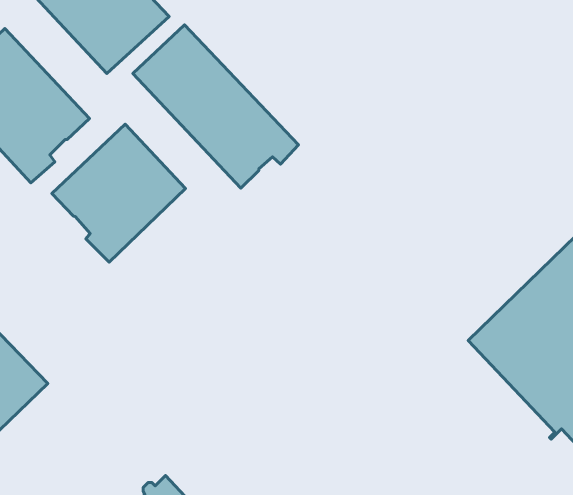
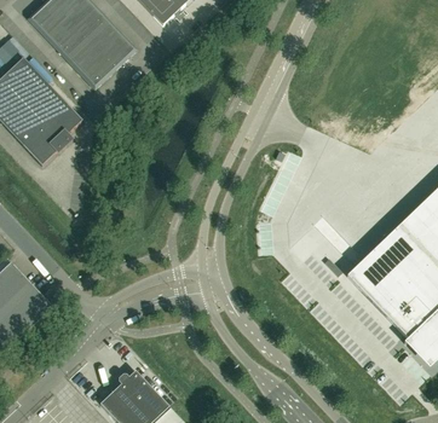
building: [133,25,298,188] -> none
building: [52,124,186,262] -> none

